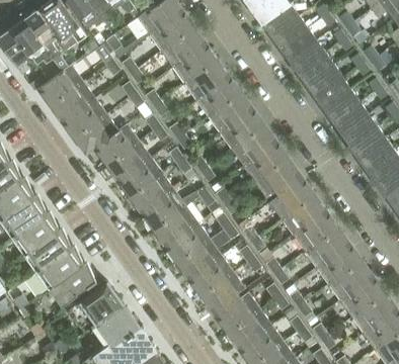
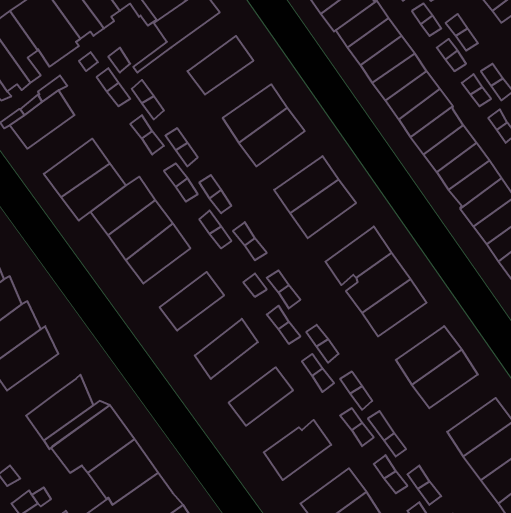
building: [149,10,193,51] -> none
building: [172,43,218,83] -> none
building: [50,81,94,121] -> none
building: [208,92,253,132] -> none
building: [243,142,289,182] -> none
building: [130,173,173,213] -> none
building: [153,205,197,247] -> none
building: [292,210,337,250] -> none
building: [176,238,221,279] -> none
building: [35,244,83,288] -> none
building: [327,260,373,299] -> none
building: [201,271,244,313] -> none
building: [226,308,271,349] -> none

